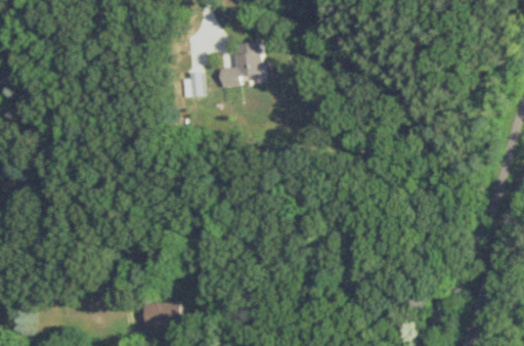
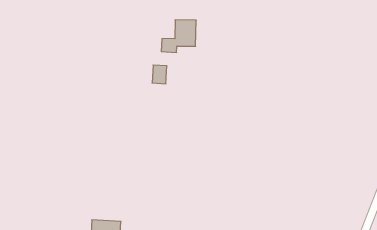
building: [188,74,206,96] -> [152,65,167,84]

